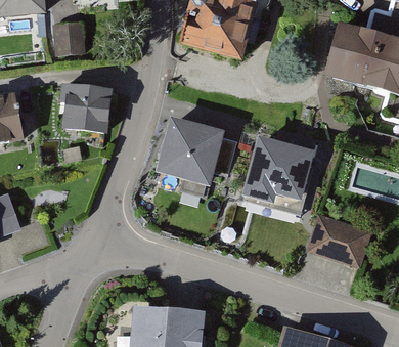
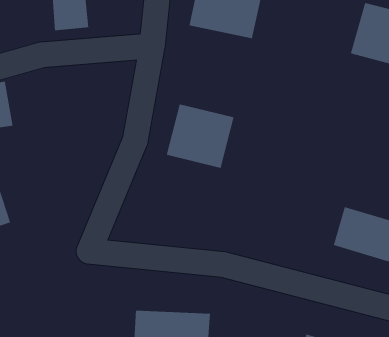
building: [58,86,109,132] -> none
building: [242,136,314,204] -> none

